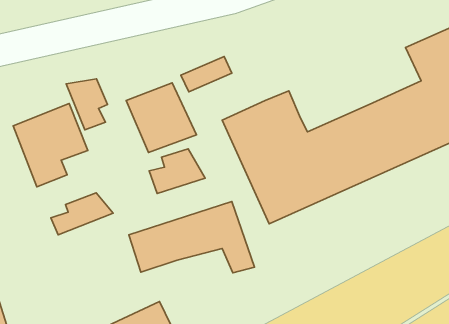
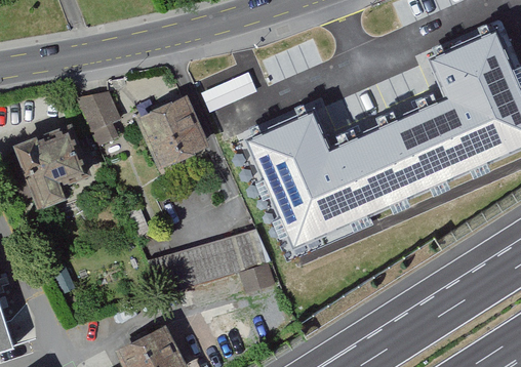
building: [149,149,205,194] -> none
building: [51,193,113,235] -> none

